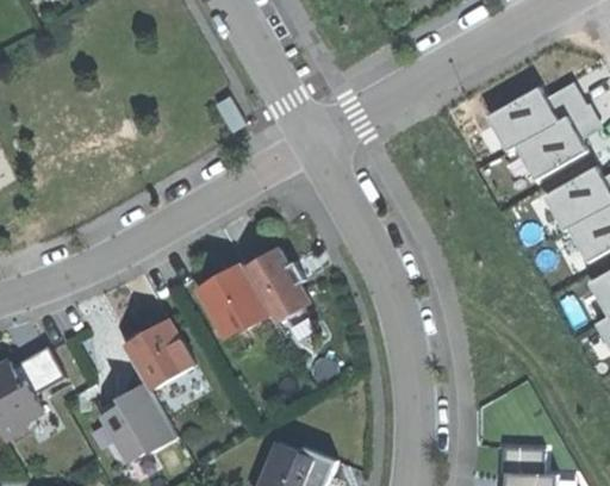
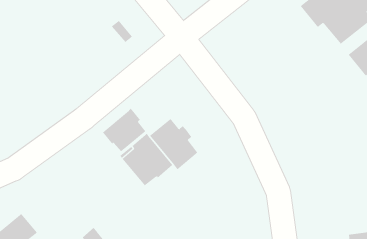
building: none -> [102,108,146,152]
building: [123,320,192,391] -> none

